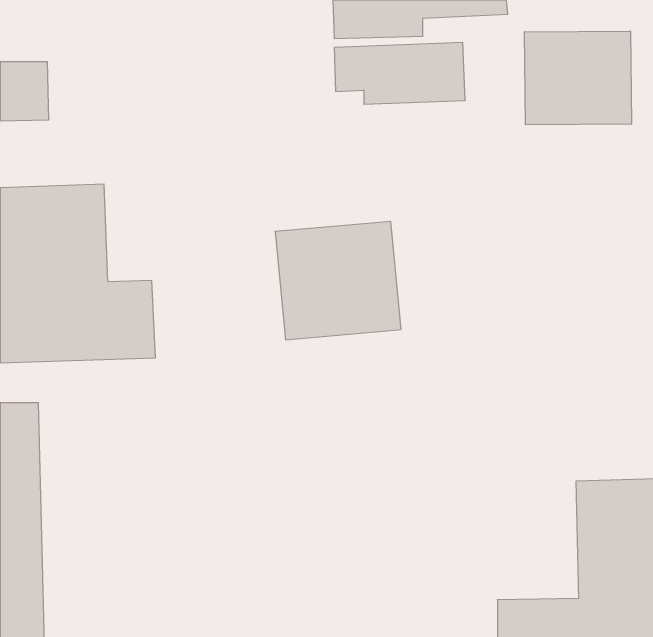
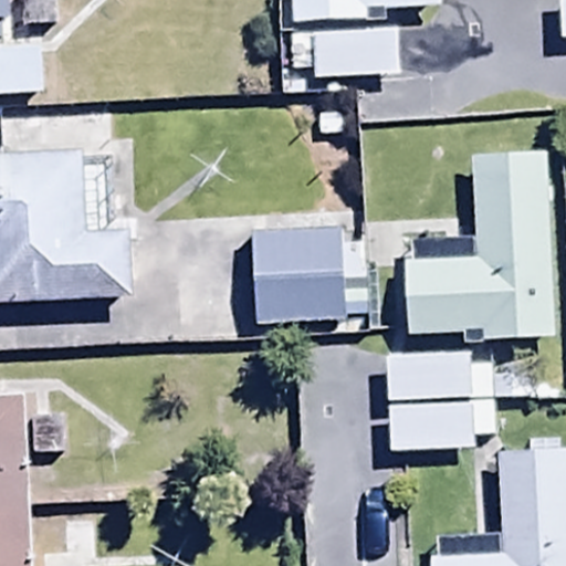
building: [524,31,632,125] -> none
building: none -> [406,130,552,324]
building: none -> [385,332,471,434]

